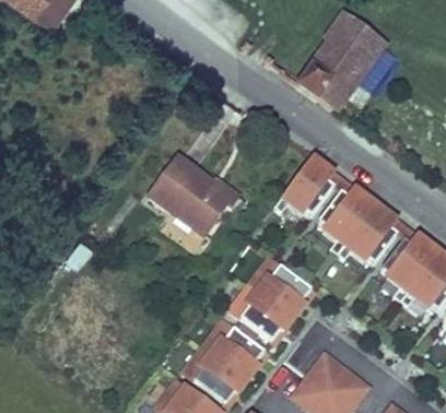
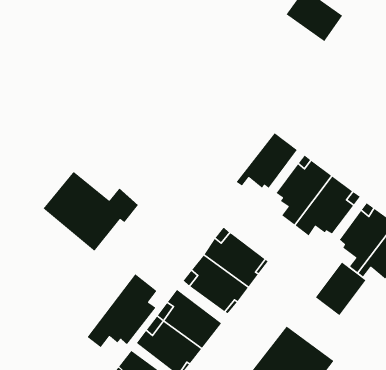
building: [293,44,364,115] -> none
building: [151,158,246,238] -> [42,171,139,252]
building: none -> [315,261,367,316]
building: none -> [86,273,157,348]

